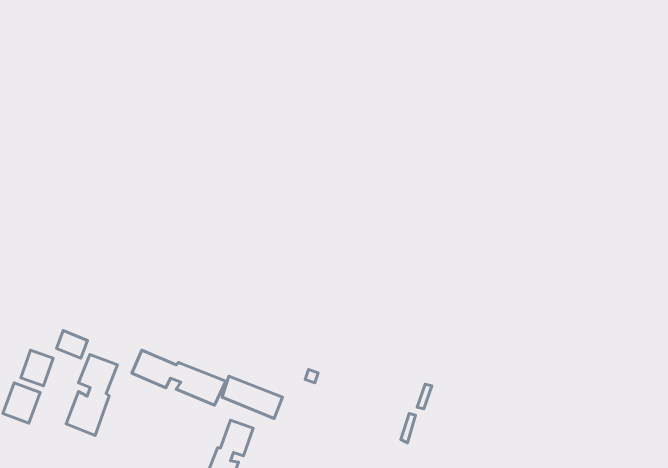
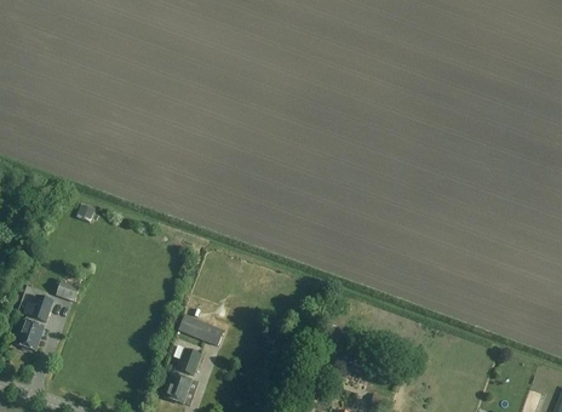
building: [132,350,226,405] -> none
building: [66,354,117,435] -> none

